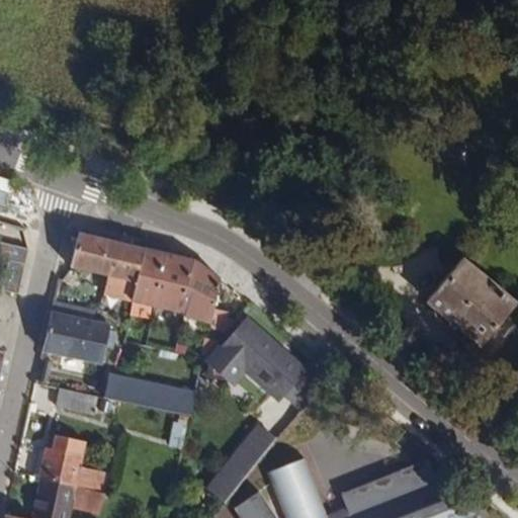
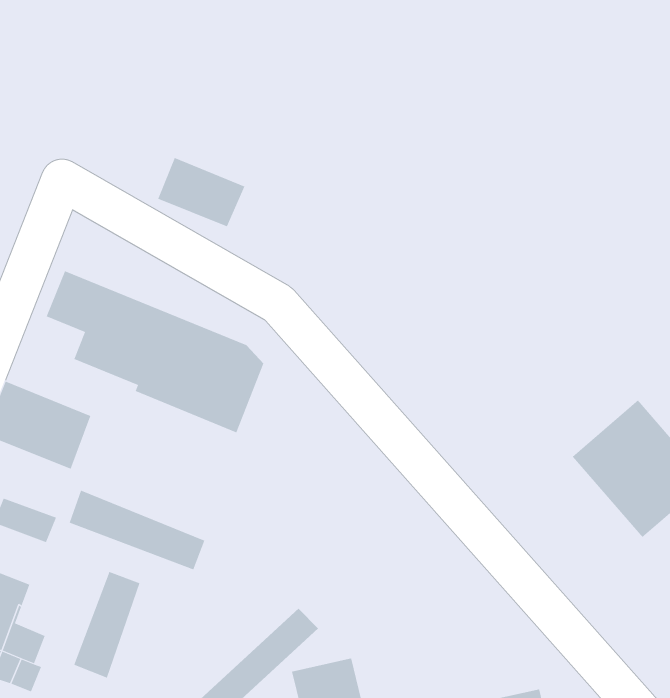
building: none -> [157,157,245,227]
building: [212,324,307,396] -> none
building: none -> [73,571,140,679]

